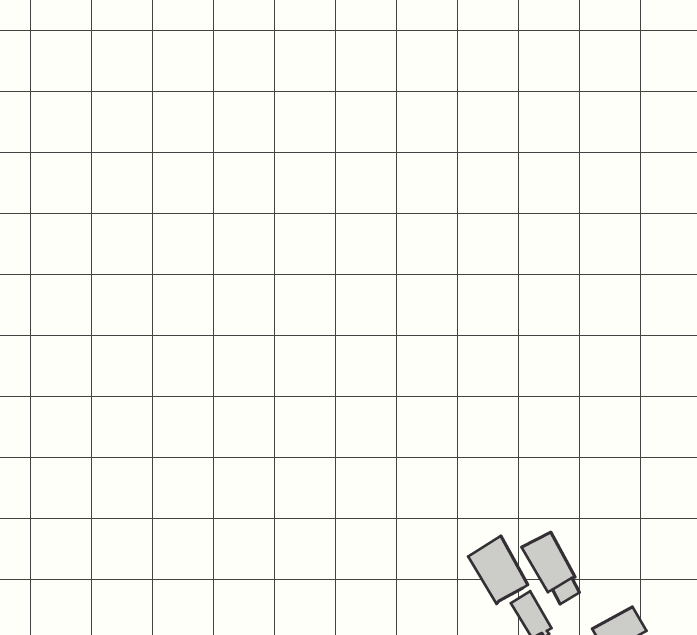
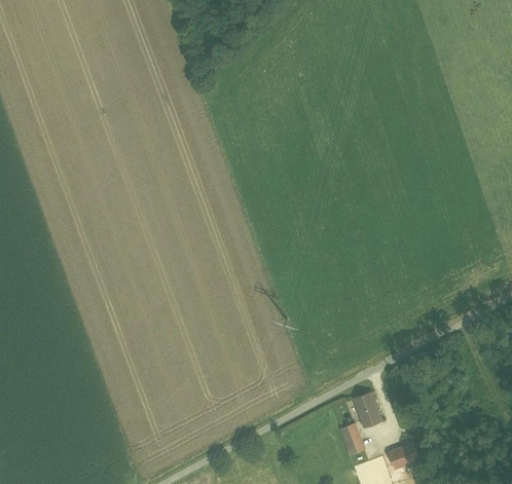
building: [468,536,528,604] -> none

